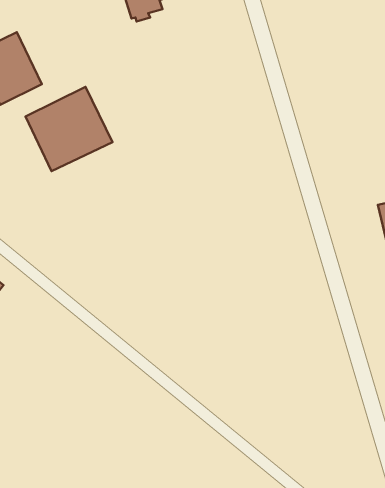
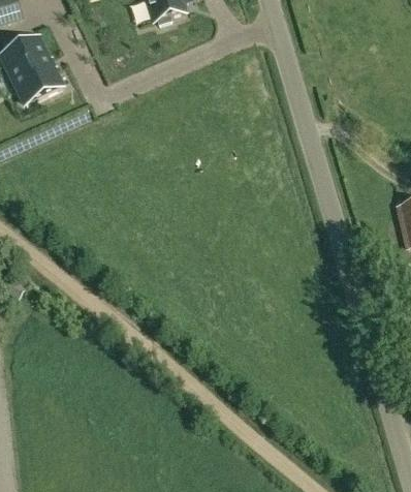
building: [26,87,112,171] -> none

